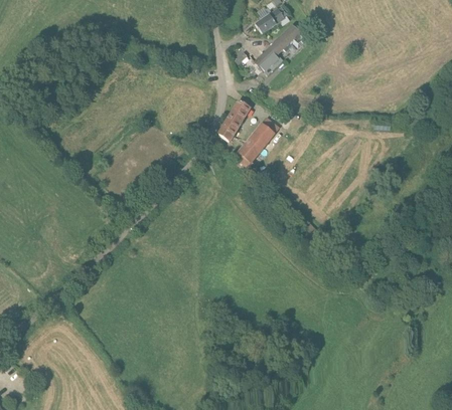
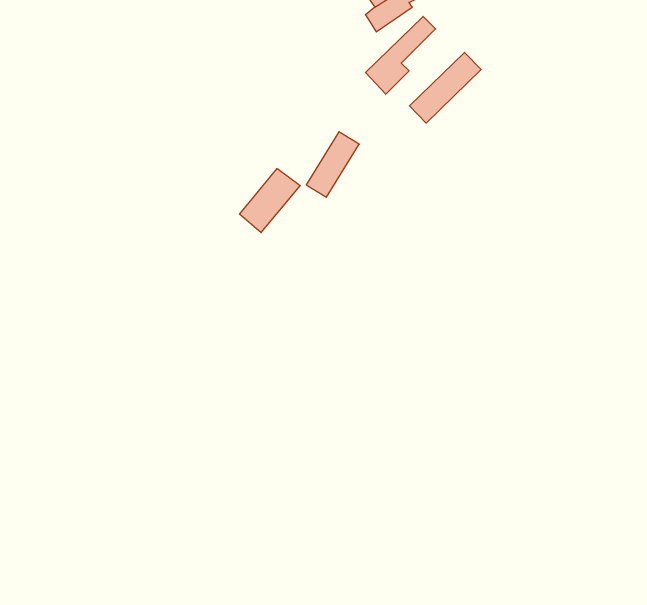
building: none -> [409,52,481,123]
building: [236,123,275,164] -> [239,169,300,233]

